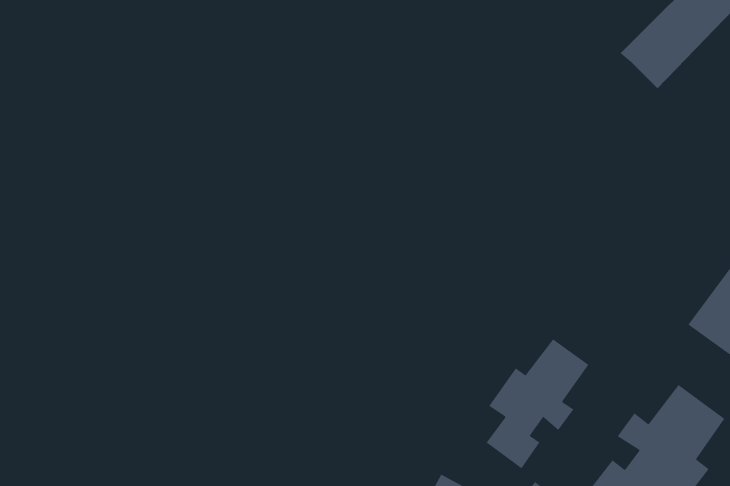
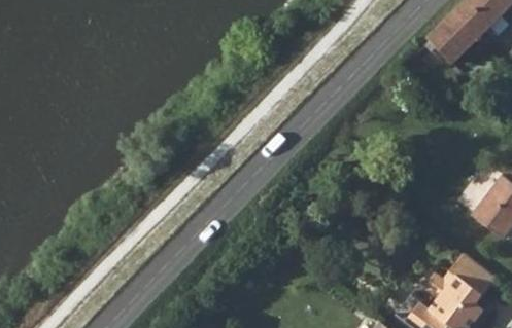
building: [486,338,589,469] -> none

